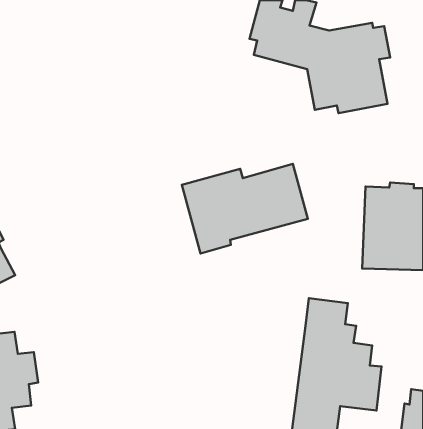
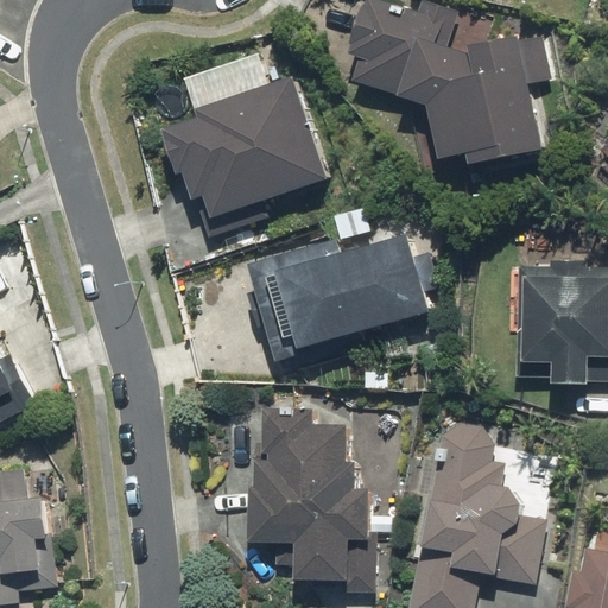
building: none -> [165,75,329,241]
building: none -> [251,406,373,597]

